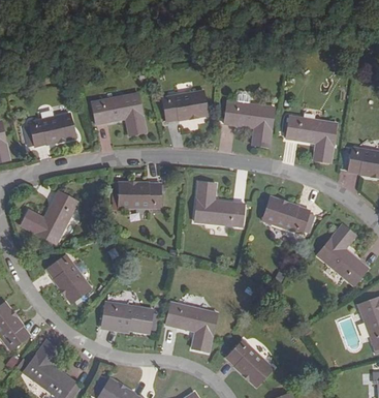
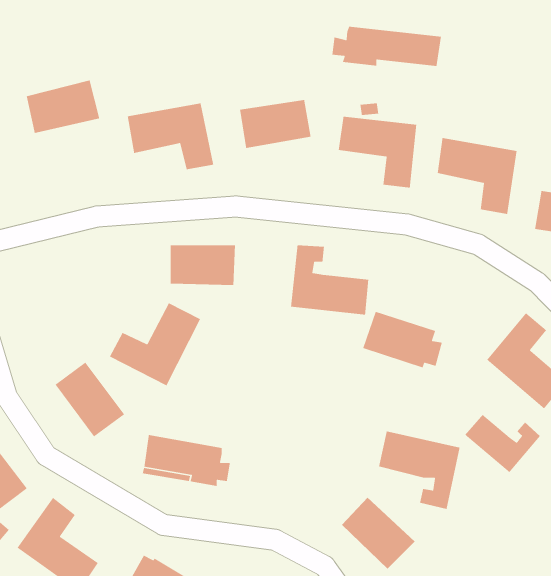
building: none -> [332,26,442,67]
building: [29,113,75,147] -> [26,79,100,134]
building: [21,191,78,244] -> [109,302,201,386]
building: [262,196,313,233] -> [362,311,443,368]
building: none -> [464,414,541,473]
building: [165,302,217,351] -> [378,431,461,510]

